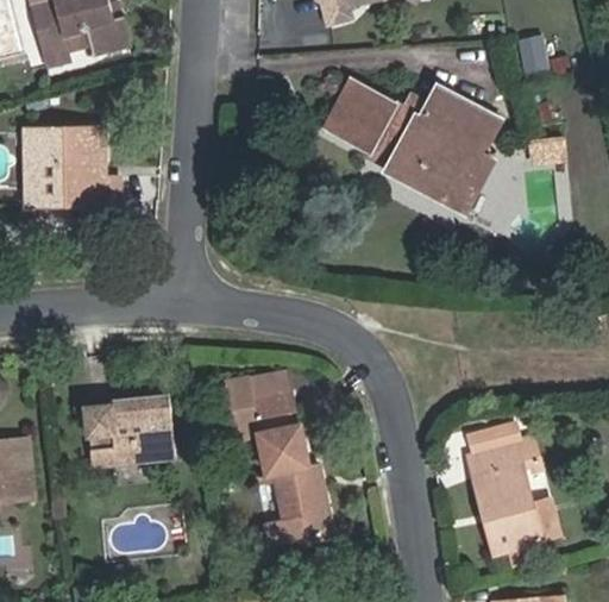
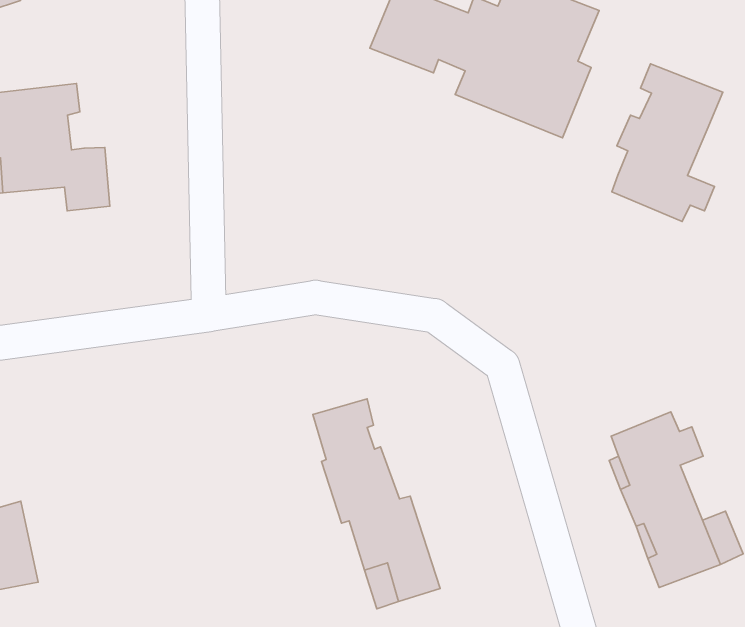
building: none -> [612,64,723,222]
building: [86,394,174,464] -> none

